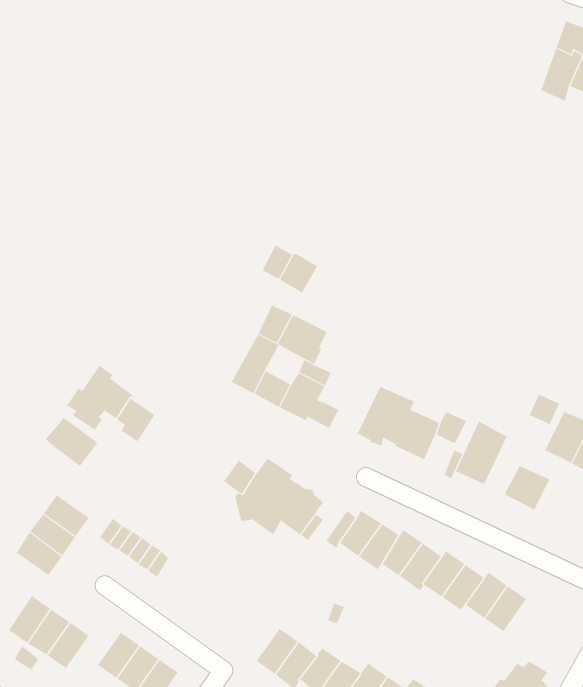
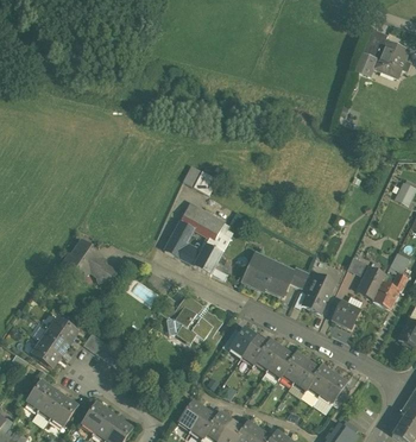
building: [45,417,98,467] -> none

